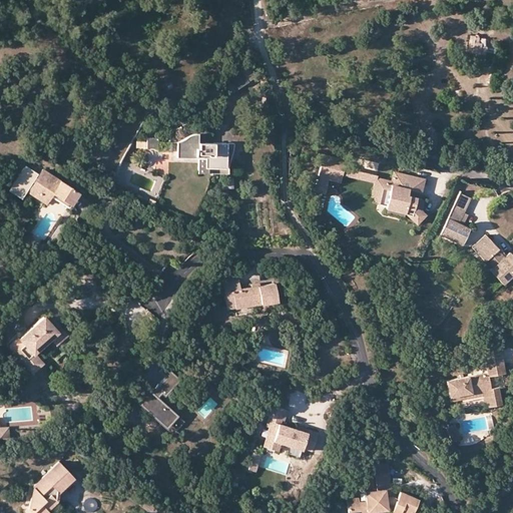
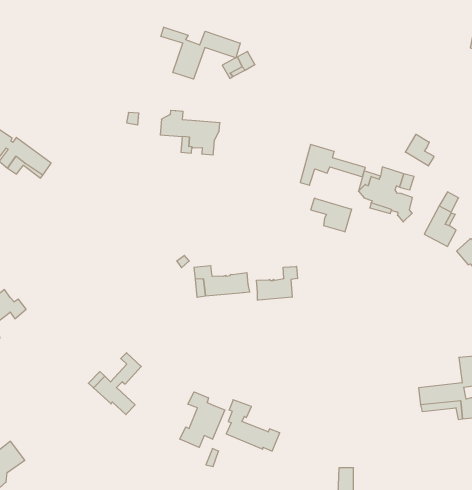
building: none -> [161,27,240,79]
building: none -> [405,134,434,166]
building: none -> [311,198,352,232]
building: none -> [257,266,297,300]
building: none -> [180,392,225,447]

